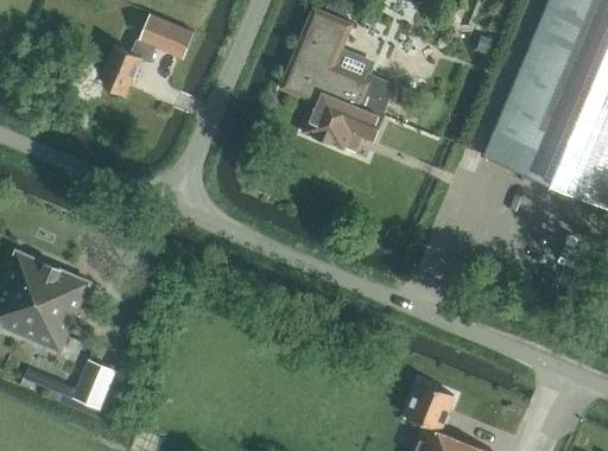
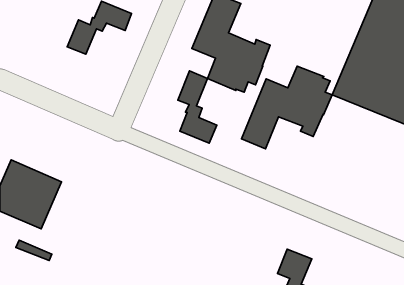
building: none -> [242,66,332,149]
building: none -> [178,71,217,143]
building: [72,360,116,409] -> none

